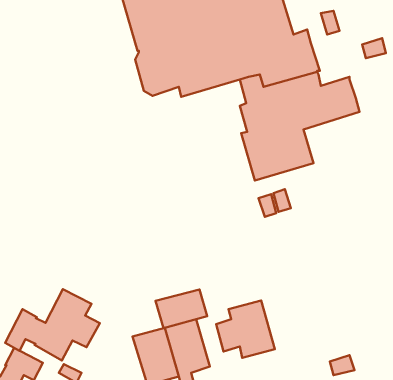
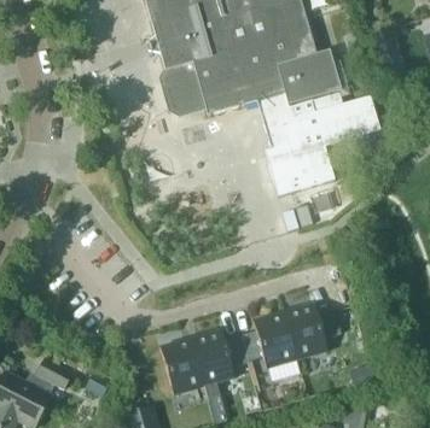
building: [5,289,100,360] -> none
building: [155,290,207,328] -> none
building: none -> [284,301,341,357]

